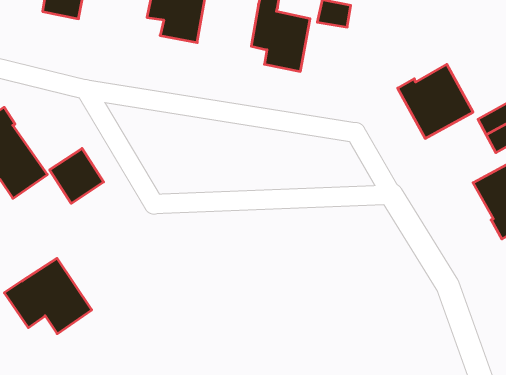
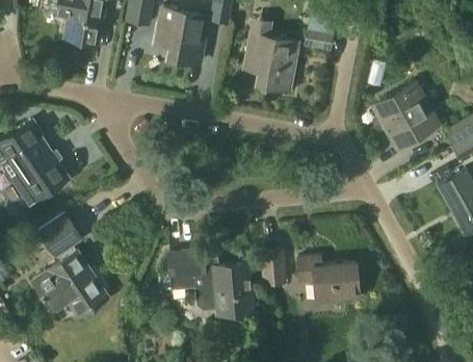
building: [50,148,104,203] -> [36,211,83,259]
building: none -> [262,250,286,285]
building: none -> [167,251,254,314]
building: none -> [298,257,360,302]

